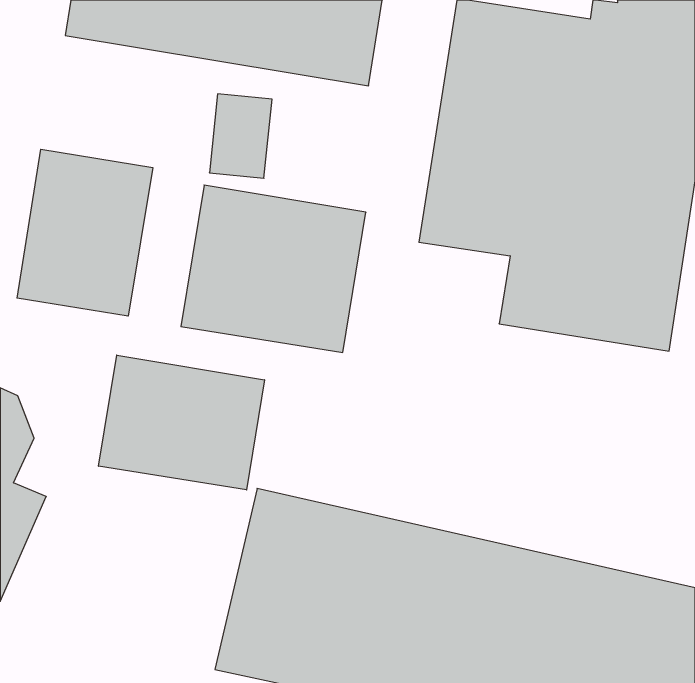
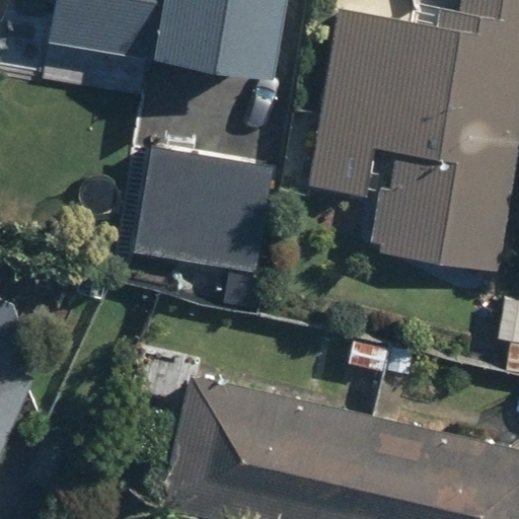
building: [17,149,153,316] -> none
building: [99,355,264,490] -> none

